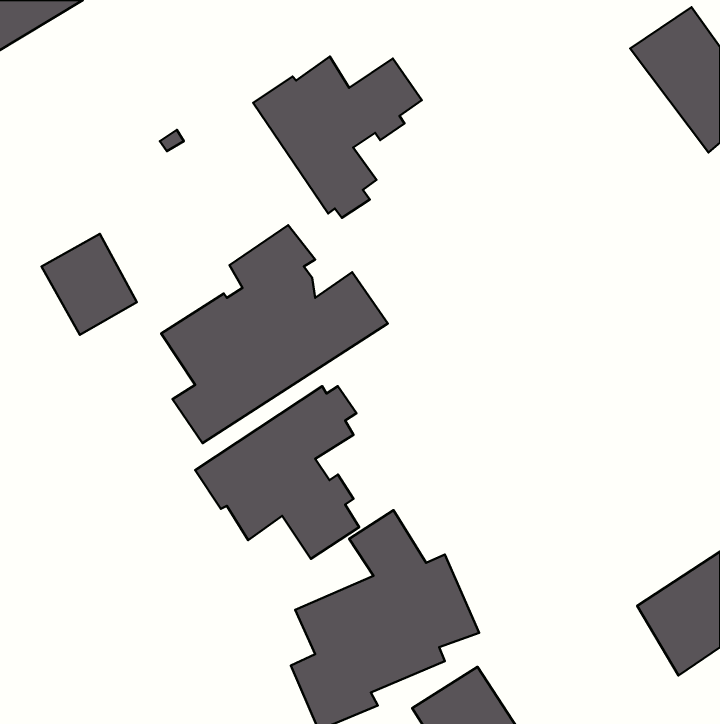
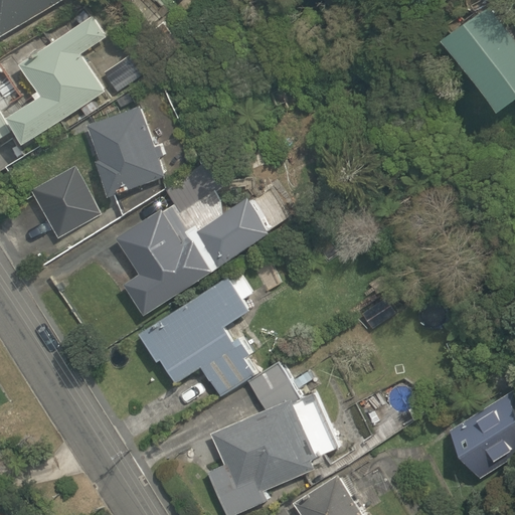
building: none -> [8,15,106,144]
building: [253,57,422,218] -> none
building: none -> [85,106,164,197]

